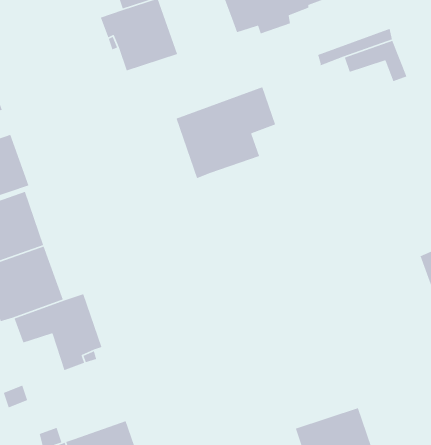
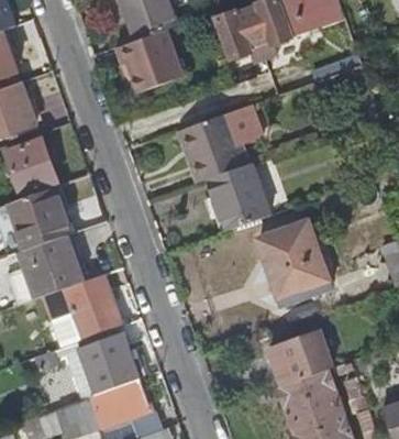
building: none -> [207,162,267,230]
building: none -> [254,215,330,306]
building: none -> [269,330,330,383]
building: none -> [78,336,137,396]

